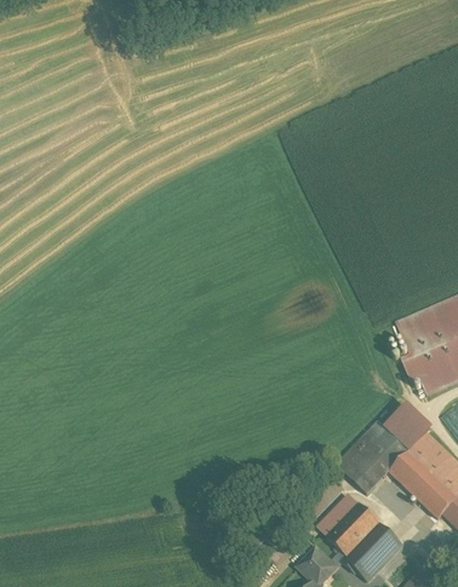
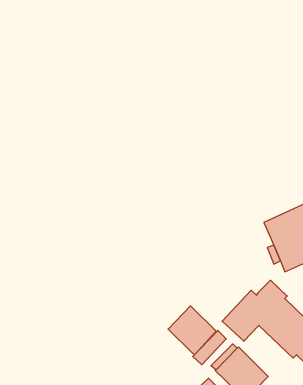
building: none -> [168,306,216,354]

